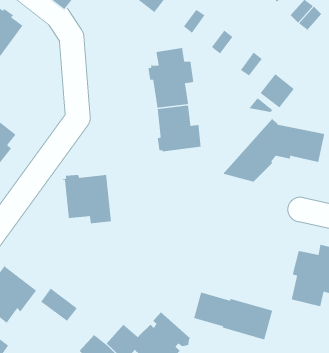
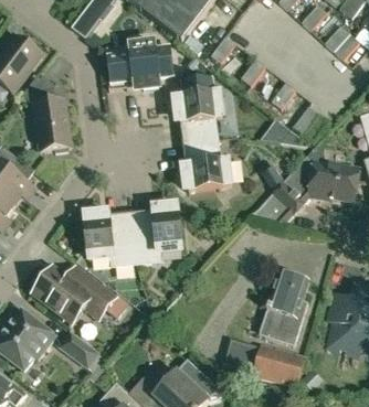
building: none -> [108,41,173,89]
building: none -> [22,73,71,152]
building: none -> [130,203,182,263]
building: none -> [33,267,115,322]
building: none -> [260,269,310,344]

